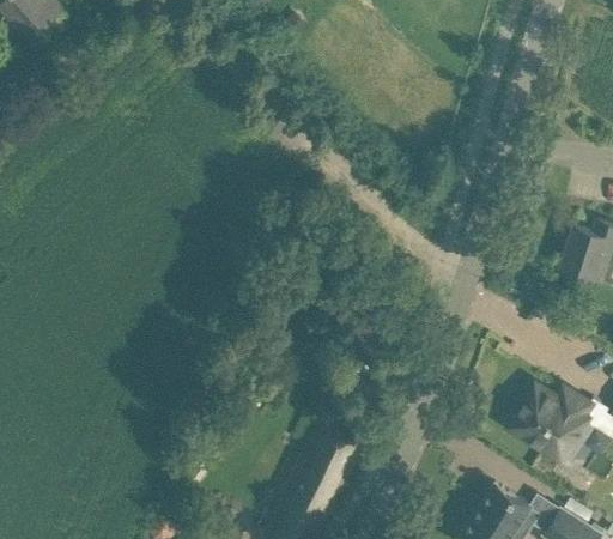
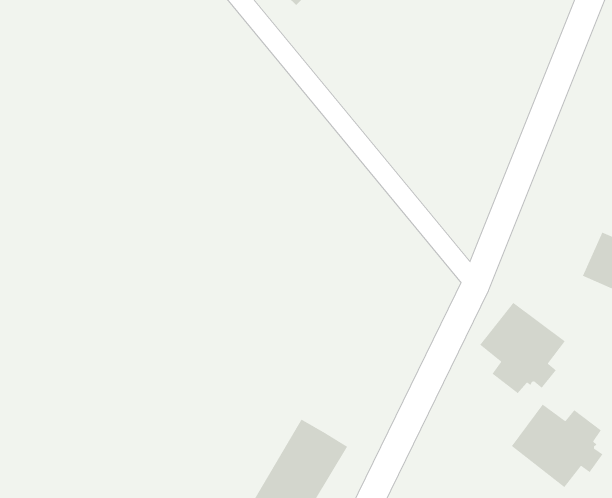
building: none -> [479,302,566,394]

